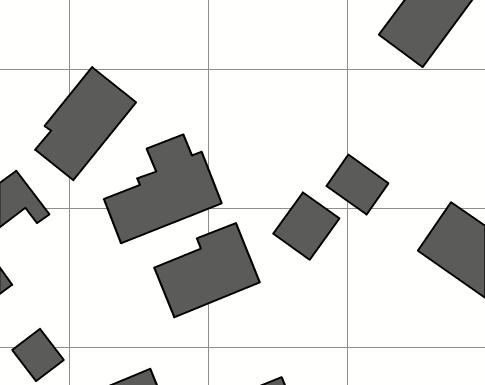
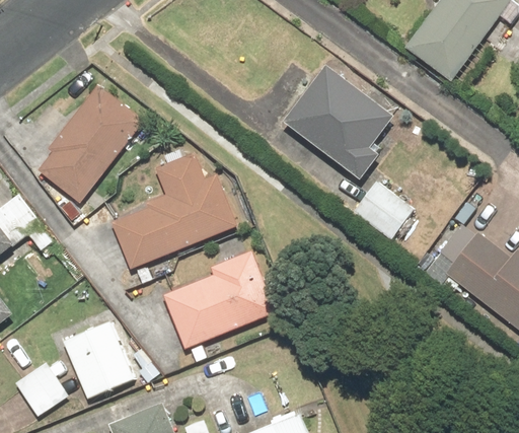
building: none -> [281,66,391,181]
building: [273,192,339,260] -> none
building: none -> [62,320,137,398]

